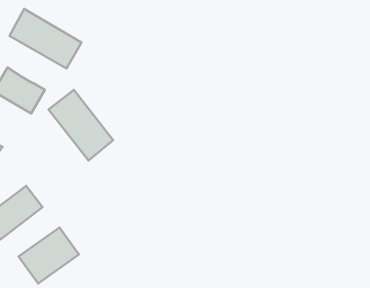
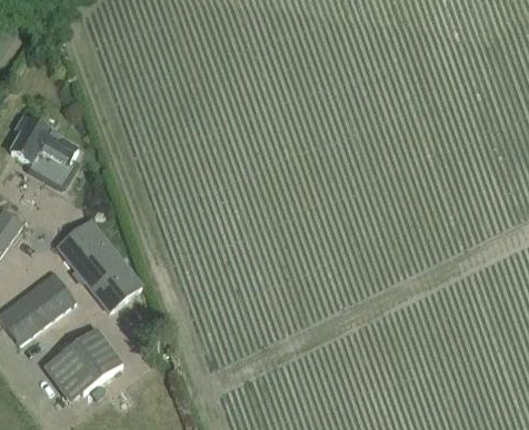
building: [9,9,81,68] -> none
building: [48,90,113,160] -> [57,220,141,312]

